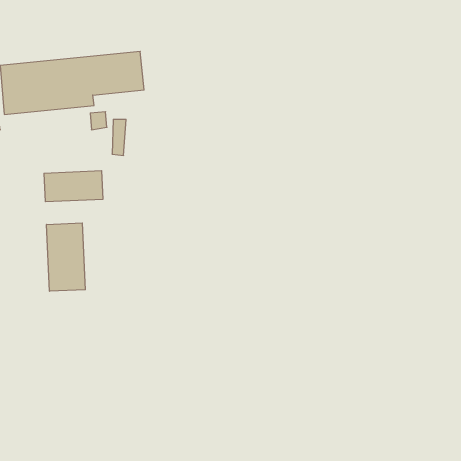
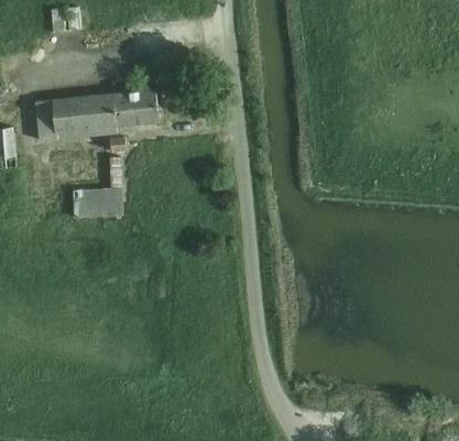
building: [47,223,85,291] -> none

